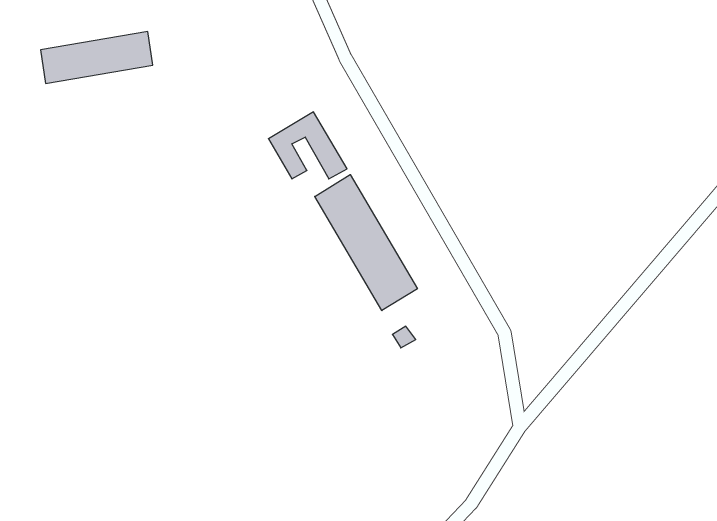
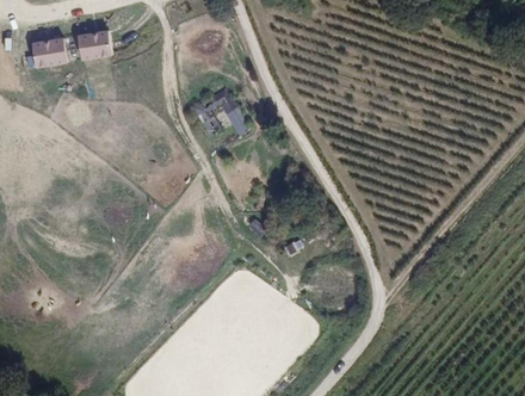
building: [315,175,417,311] -> none

